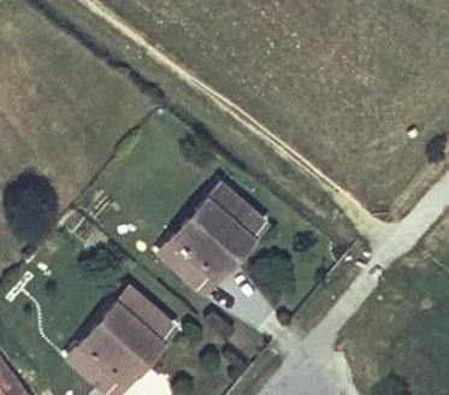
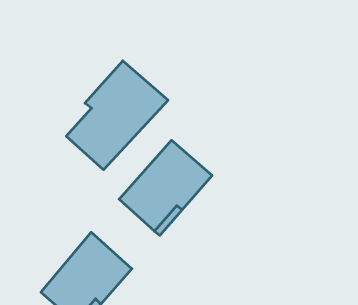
building: none -> [66,61,168,170]

